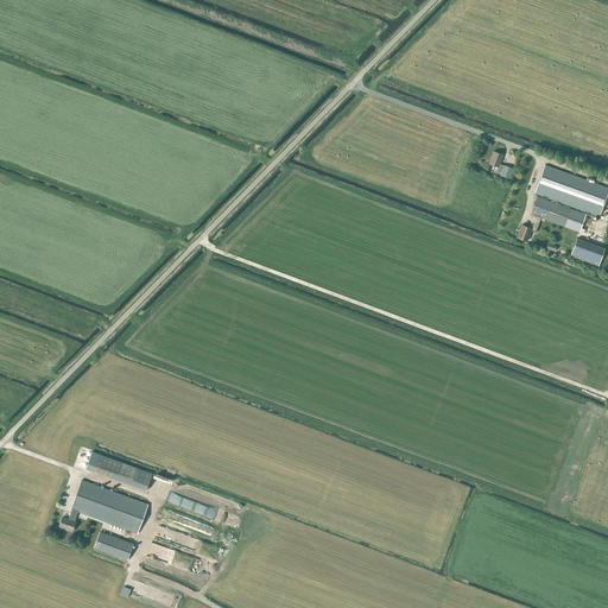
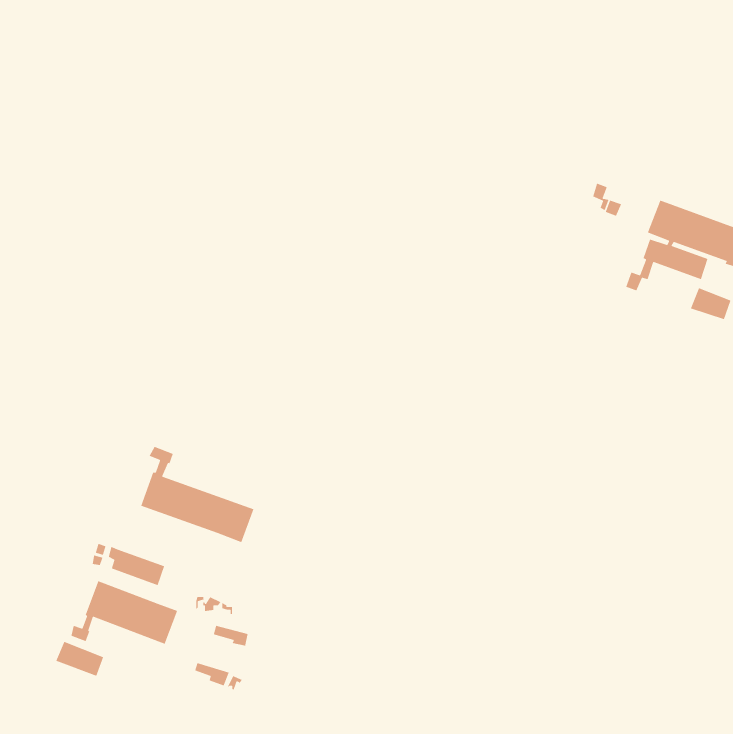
building: none -> [140,446,254,543]
building: [94,531,134,560] -> [55,641,104,677]

